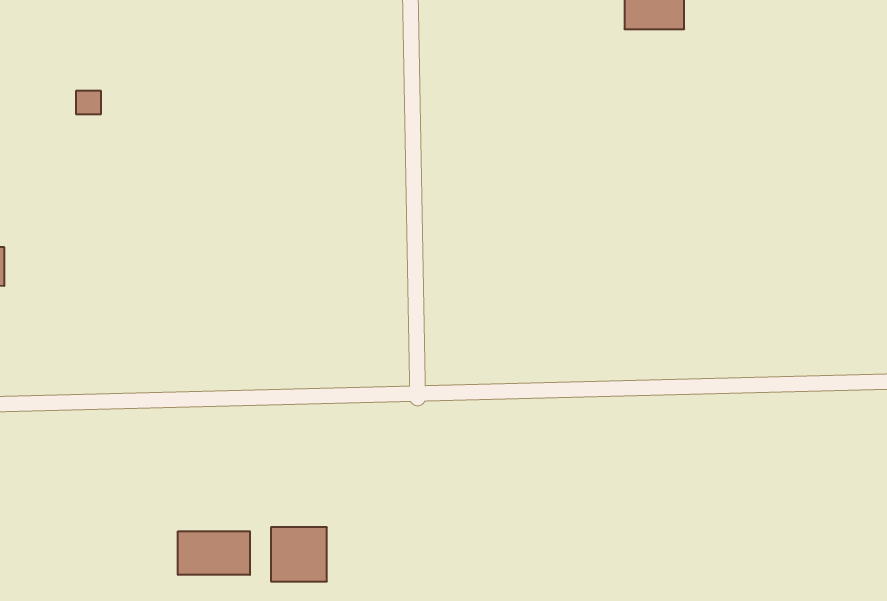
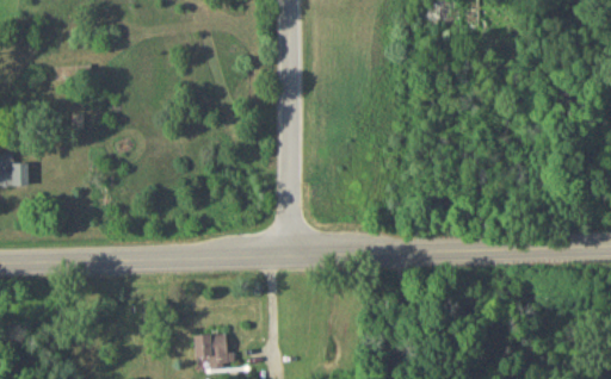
building: [178,531,250,575] -> none

